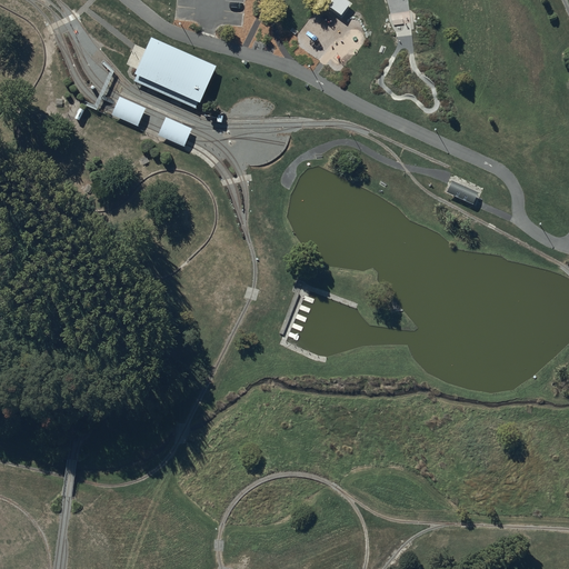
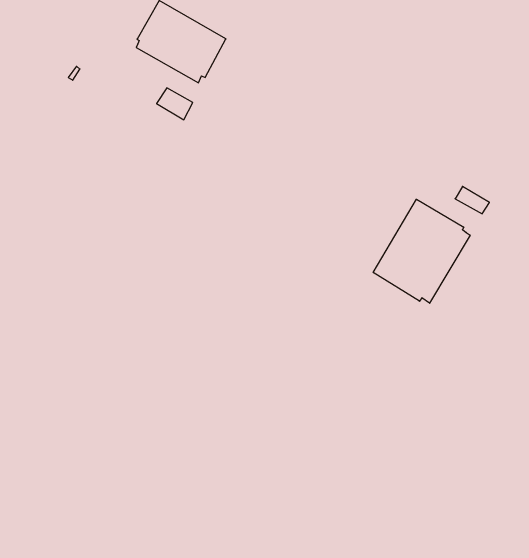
building: [112,97,144,123] -> none
building: none -> [373,199,470,303]

